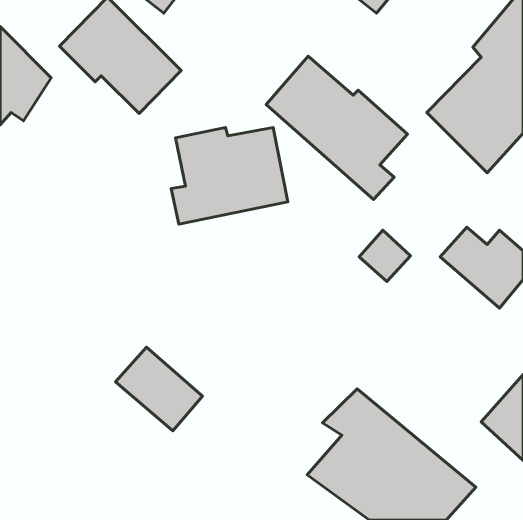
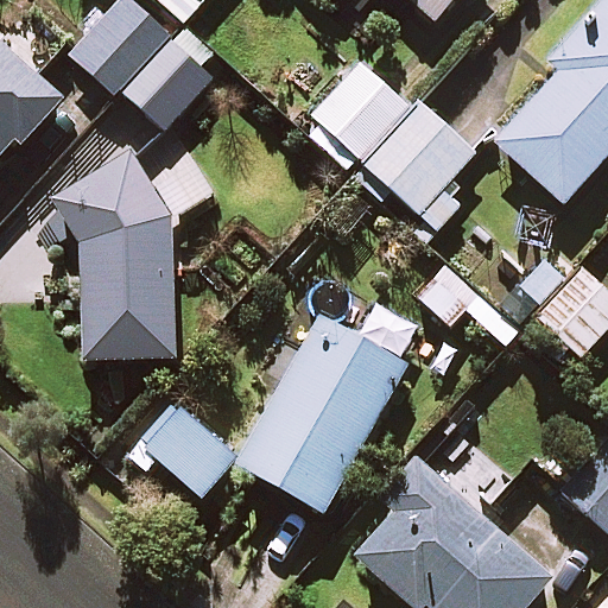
building: none -> [58,145,177,349]
building: [171,127,288,224] -> none
building: none -> [234,316,406,515]

